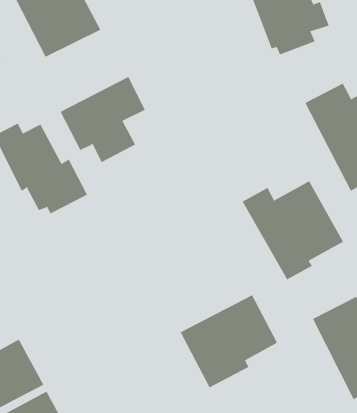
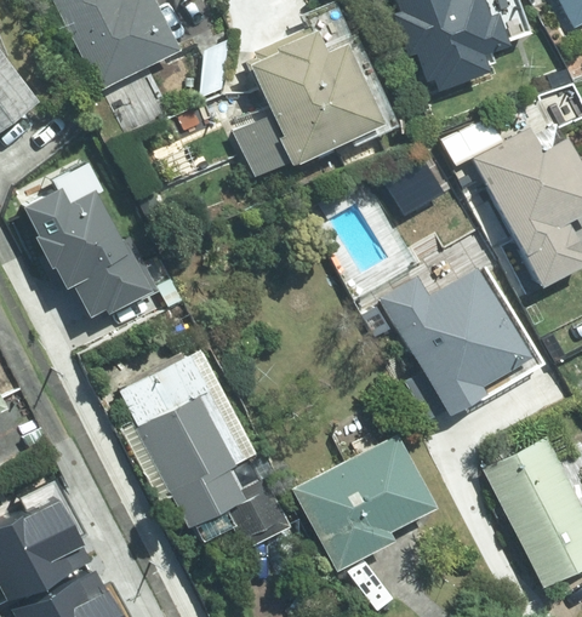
building: none -> [236,27,378,173]
building: [60,76,145,163] -> none
building: none -> [120,355,290,548]

